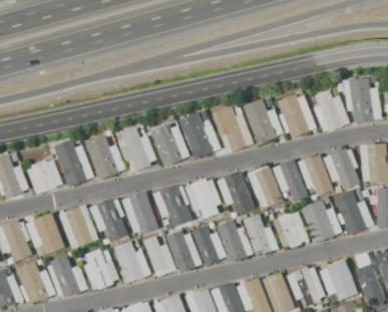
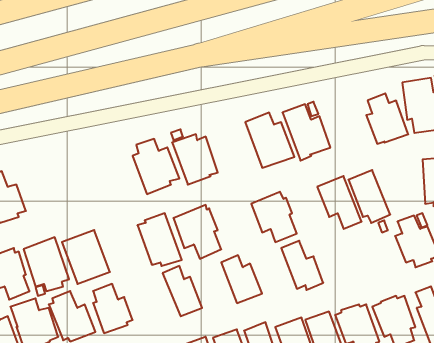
building: [277,93,316,137] -> none
building: [184,115,221,159] -> none
building: [85,135,124,179] -> none
building: [54,139,93,187] -> none
building: [324,147,360,191] -> none
building: [27,160,61,193] -> none
building: [247,165,282,206] -> none
building: [183,178,221,220] -> none
building: [89,197,127,241] -> none
building: [301,200,342,243] -> none
building: [272,211,308,249] -> none
building: [216,219,253,262] -> none
building: [165,231,202,272] -> none
building: [113,241,149,284] -> none

